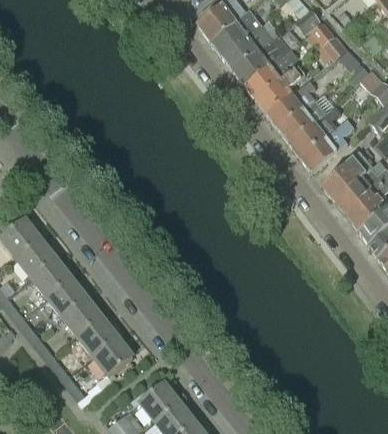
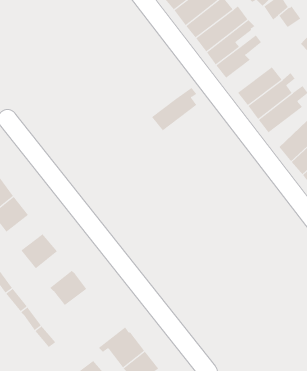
building: [266,81,315,128] -> [151,87,197,131]
building: [32,258,71,296] -> none
building: [63,297,102,336] -> none
building: [94,337,133,375] -> none

